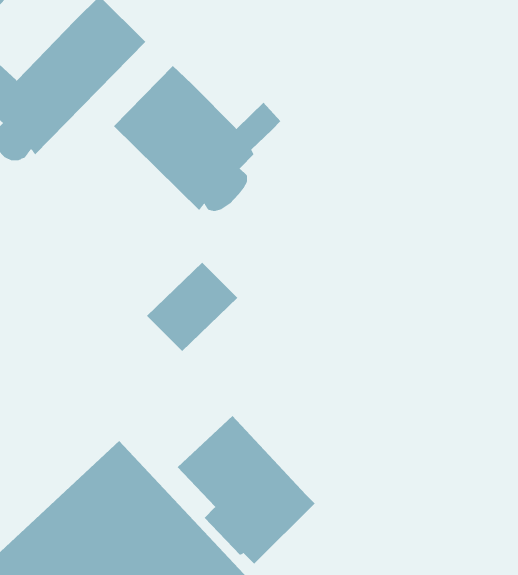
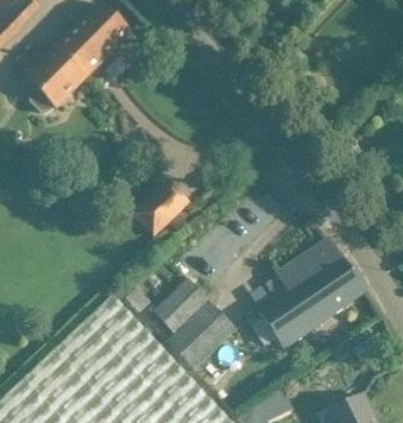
building: [113,65,281,212] -> none
building: none -> [256,238,366,349]

